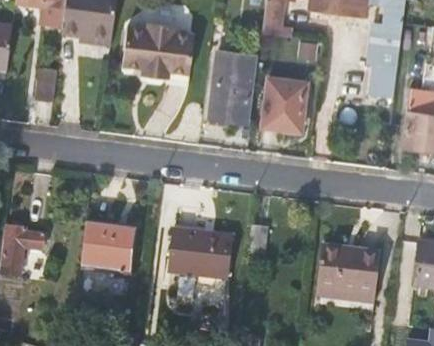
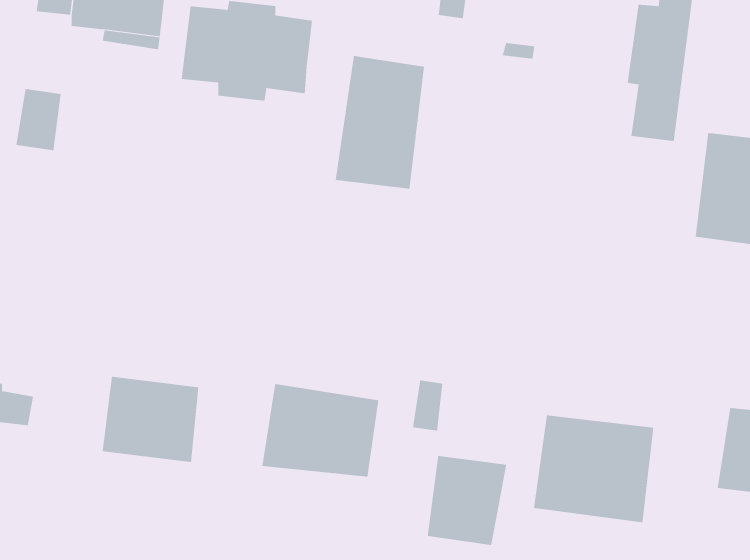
building: [264,79,308,130] -> none
building: none -> [427,455,507,546]

